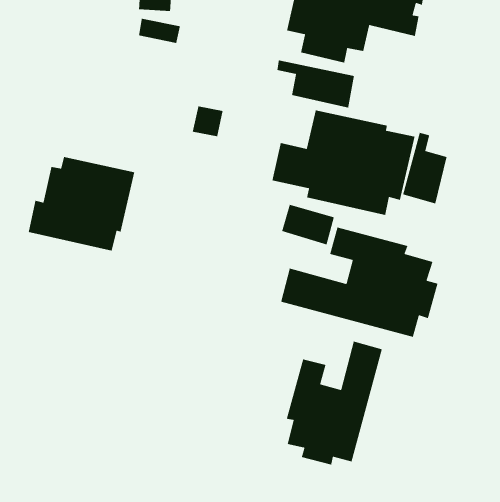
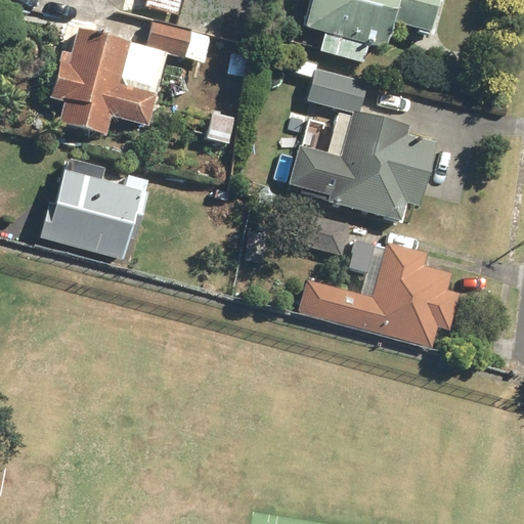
building: none -> [51,30,168,137]
building: [402,132,448,204] -> none
building: [286,341,383,466] -> none

